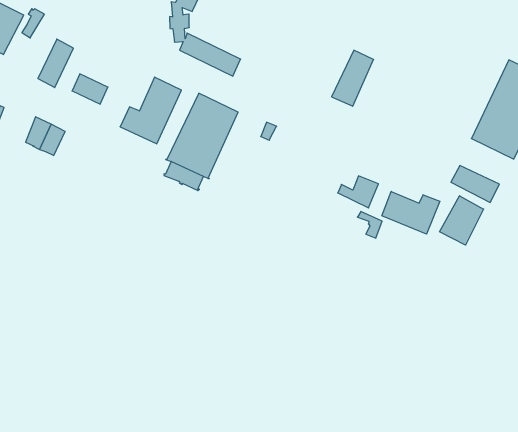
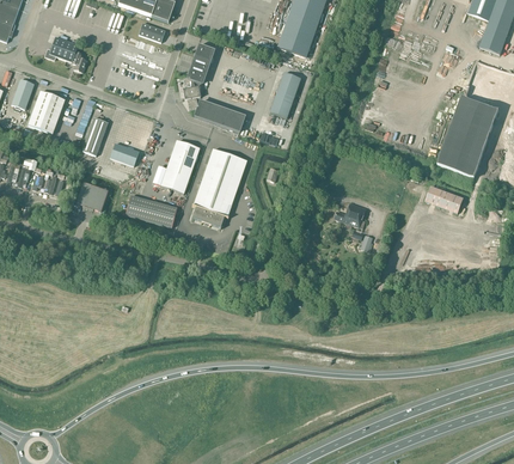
building: [332,50,374,106] -> [269,72,300,117]
building: none -> [126,195,177,227]
building: [382,191,440,234] -> none
building: [440,196,484,245] -> none

